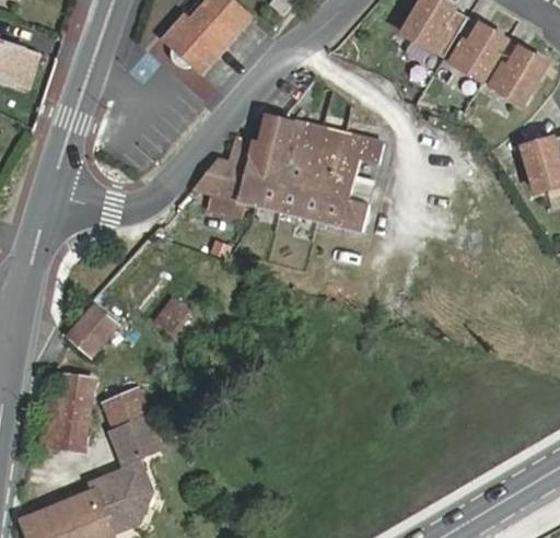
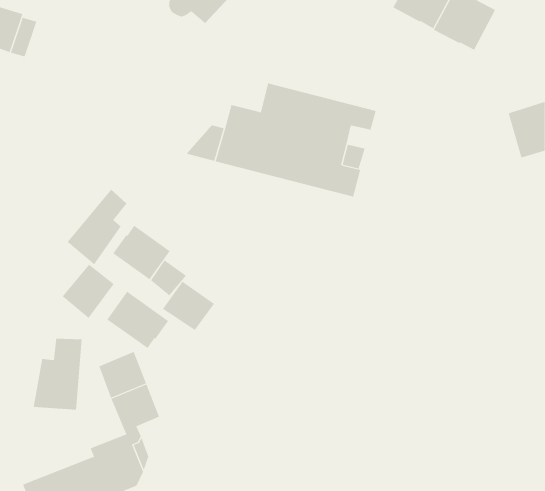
building: [483,42,546,105] -> none
building: none -> [67,189,127,265]
building: none -> [113,225,170,280]
building: none -> [162,281,215,331]
building: none -> [107,291,169,349]

